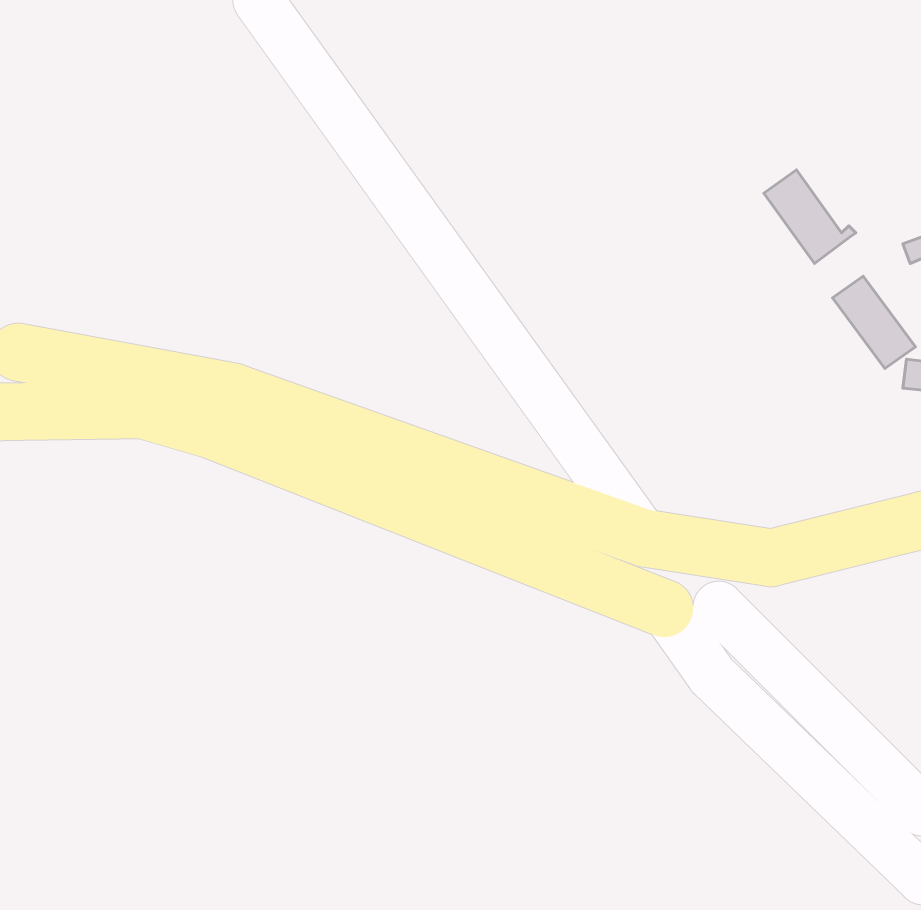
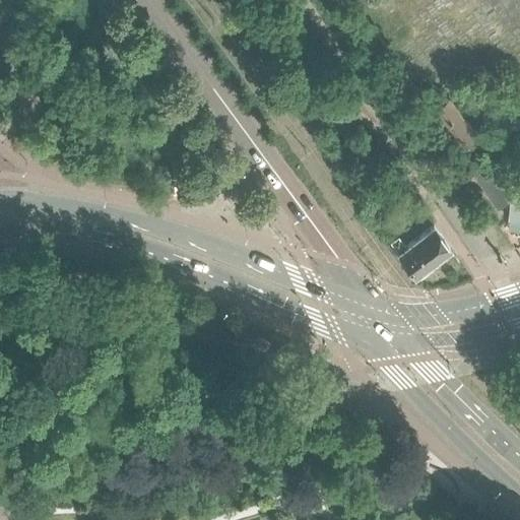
building: none -> [392,233,451,284]

